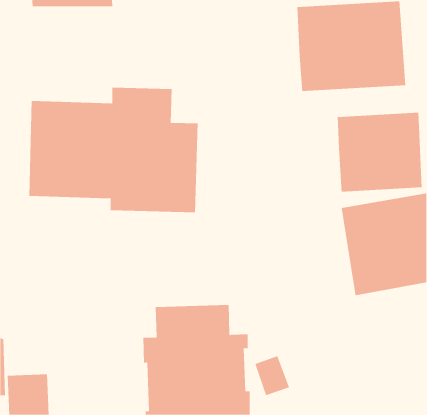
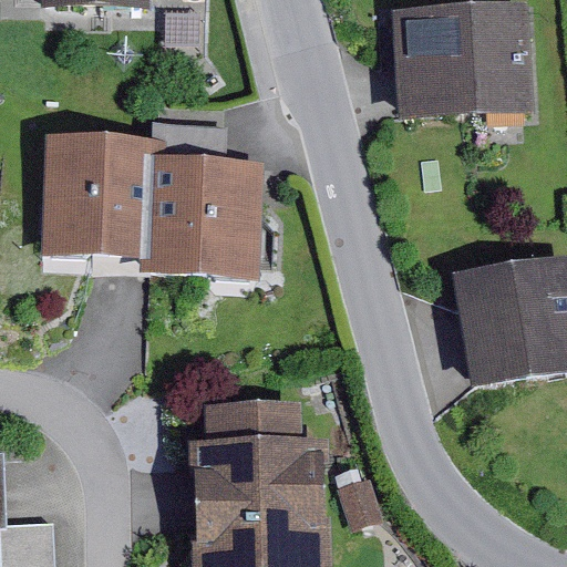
building: [337,112,422,192] -> none

